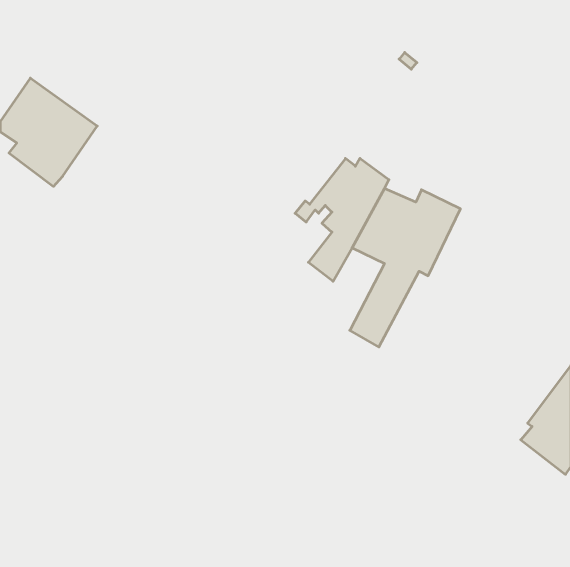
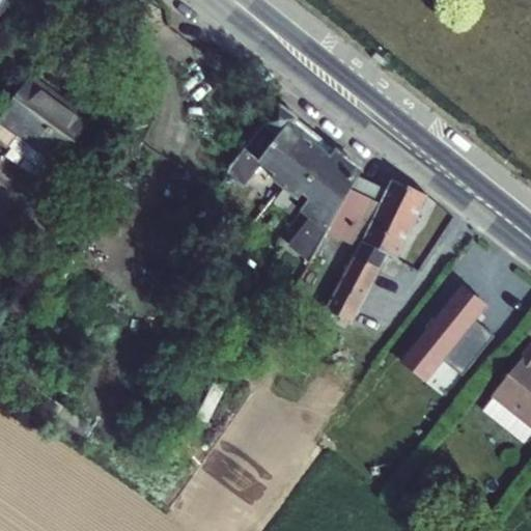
building: none -> [227,103,322,190]
building: none -> [401,294,495,387]

